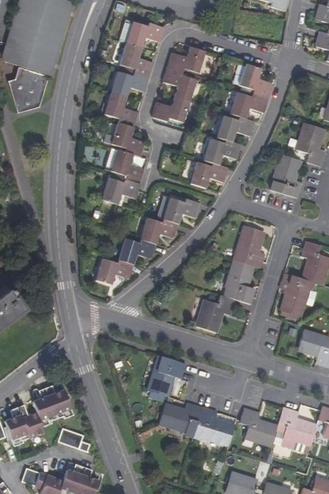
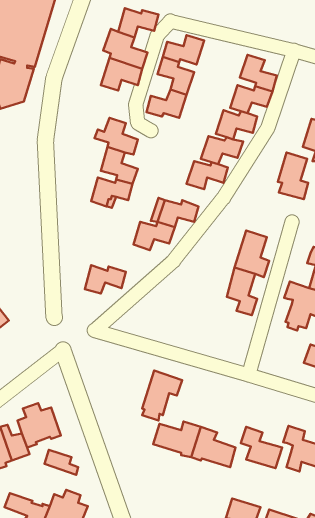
building: [105,92,139,127] -> none
building: [118,238,156,264] -> none
building: [197,295,235,332] -> none

